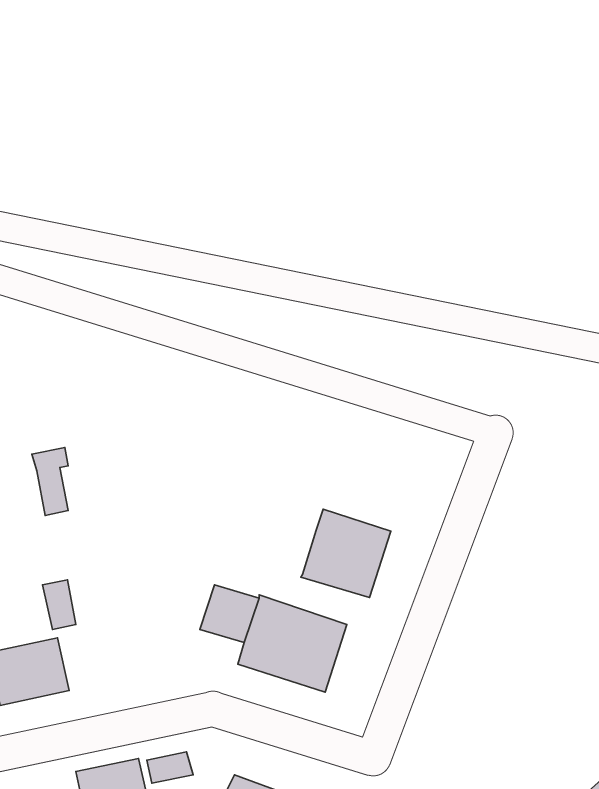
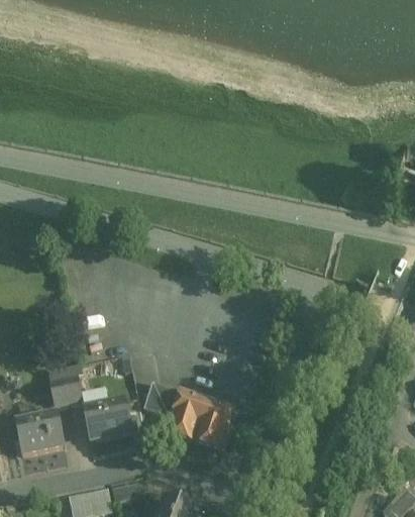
building: [32,448,68,515] -> [61,365,83,406]
building: [301,509,391,598] -> none
building: none -> [83,400,132,441]

